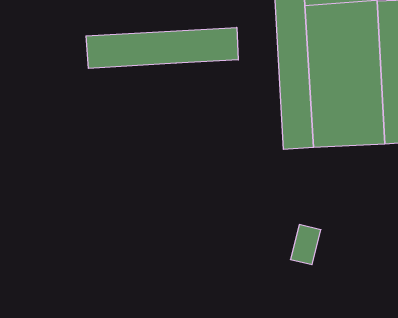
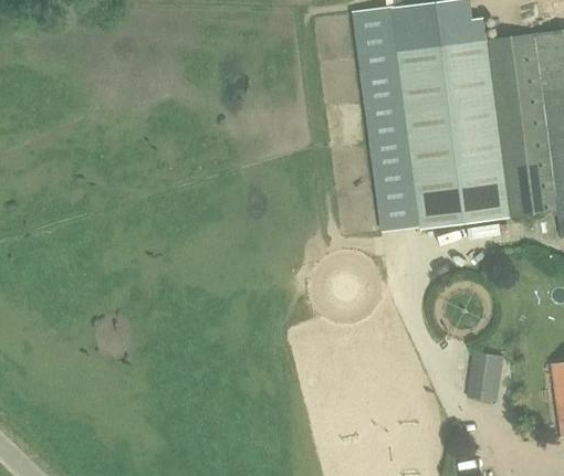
building: [86,27,238,68] -> none
building: [290,225,321,265] -> [468,353,503,402]

